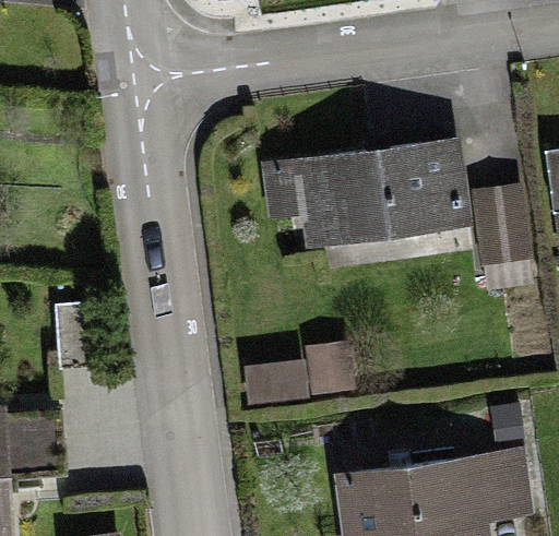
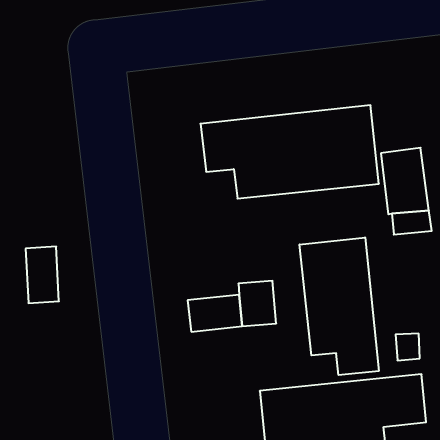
building: none -> [300,237,379,375]

